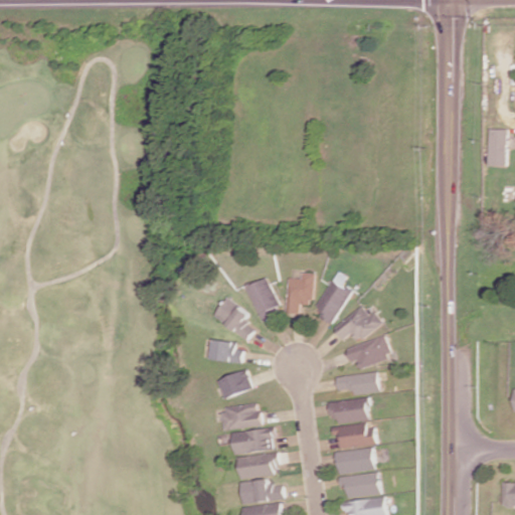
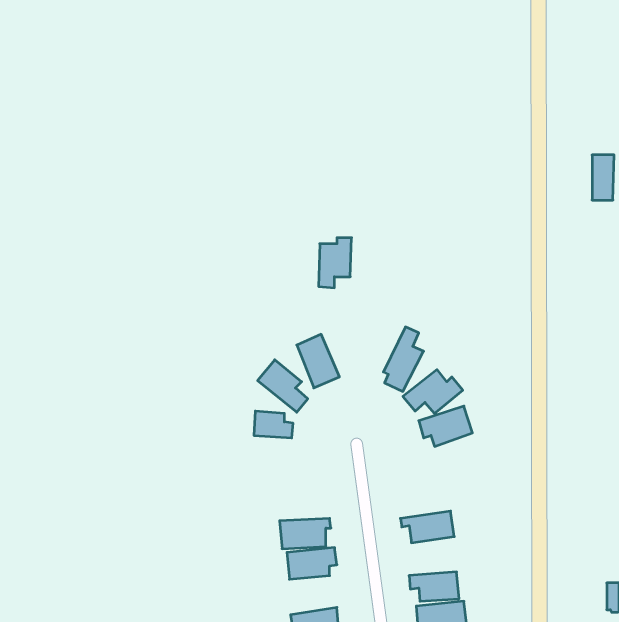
building: [285,273,312,314] -> [319,238,352,288]
building: [335,370,379,393] -> none
building: [216,371,250,397] -> none
building: [327,397,367,423] -> none
building: [219,404,260,430] -> none
building: [335,448,373,474] -> none
building: [237,478,283,505] -> none

